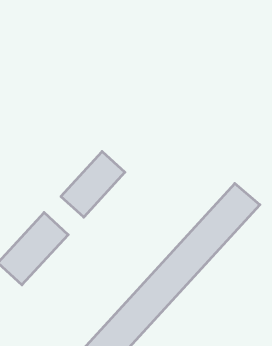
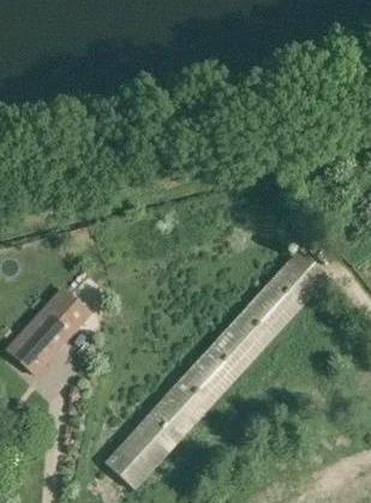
building: [61,151,125,217] -> none

